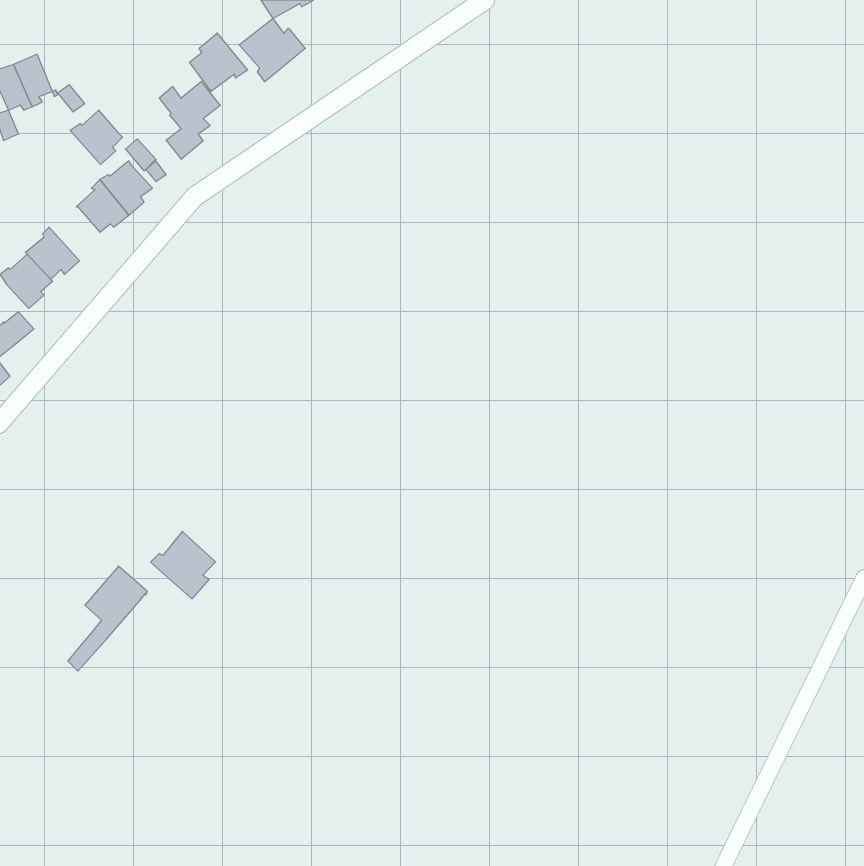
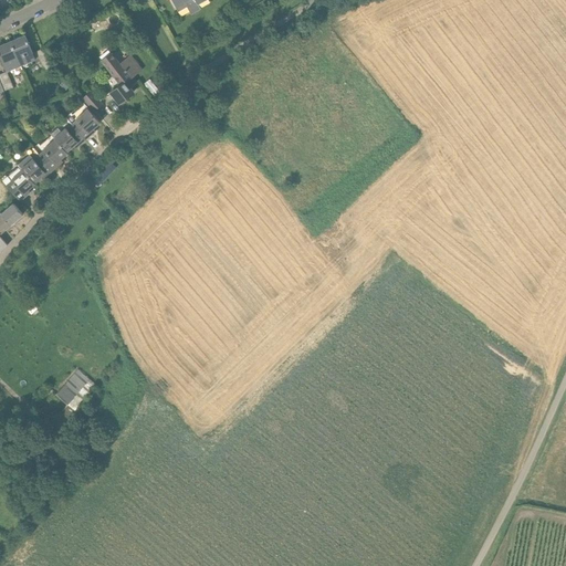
building: [239,19,305,82] -> none
building: [189,33,247,92] -> none
building: [70,110,123,164] -> [32,135,66,170]
building: [151,531,216,599] -> none

